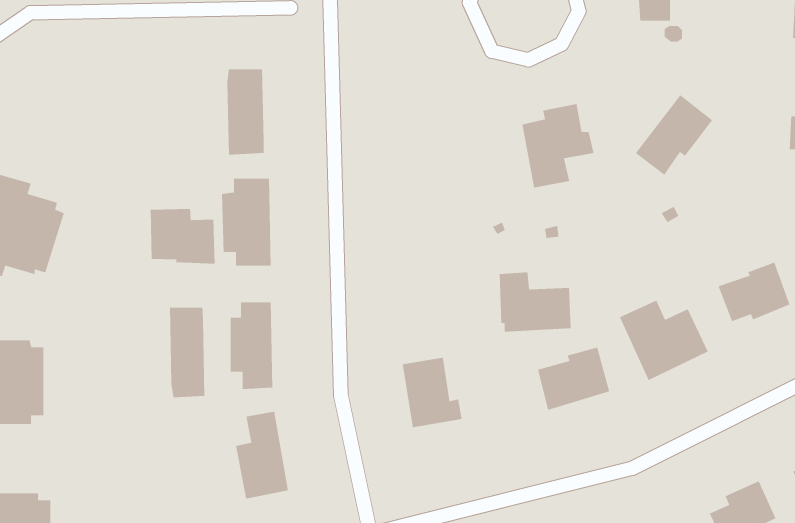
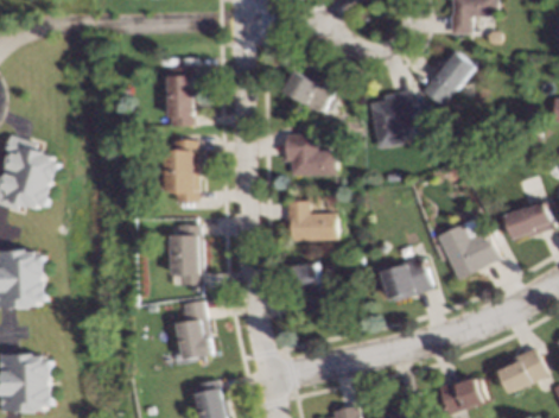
building: none -> [285,70,337,113]
building: [635,94,713,176] -> [423,49,476,104]
building: none -> [286,133,336,175]
building: [150,208,215,265] -> none
building: [499,272,572,332] -> [287,200,337,241]
building: [169,307,205,398] -> none

